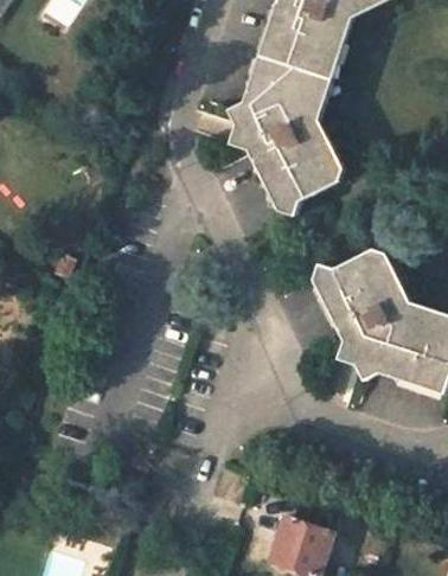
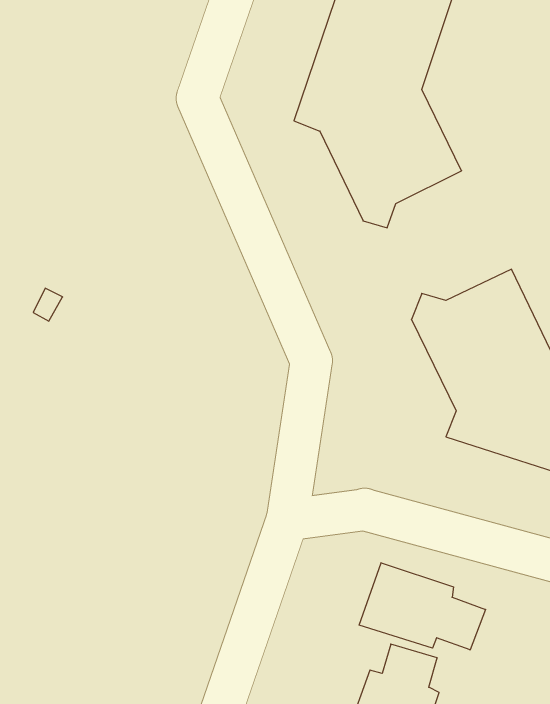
building: none -> [359,563,486,650]

